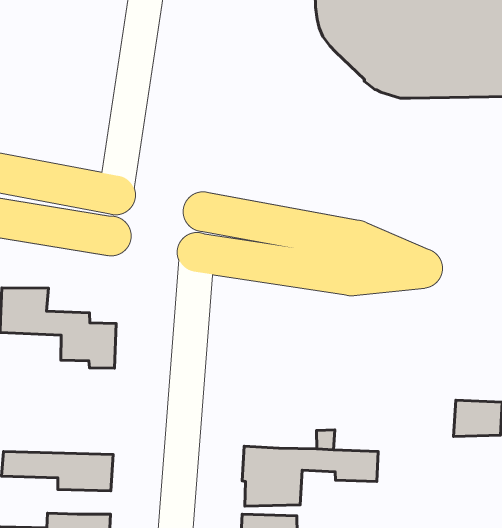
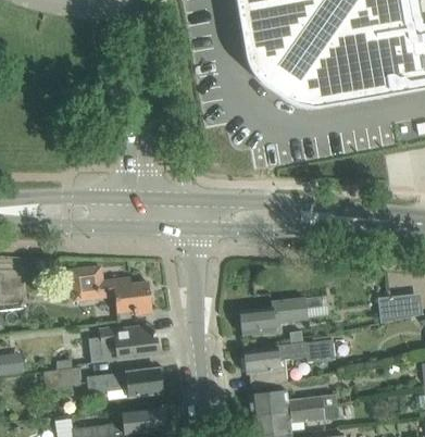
building: none -> [239,299,305,335]
building: none -> [87,325,157,363]

